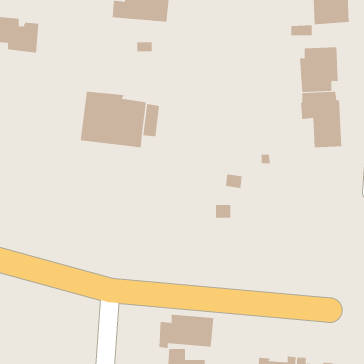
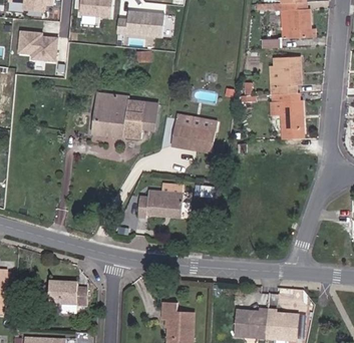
building: none -> [170,111,217,152]
building: [159,314,214,348] -> [138,190,184,218]
building: none -> [48,283,87,306]

